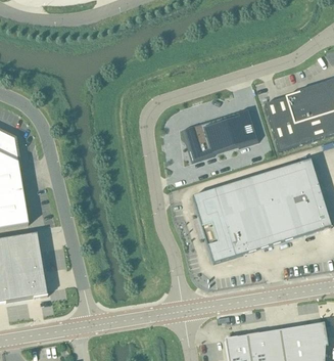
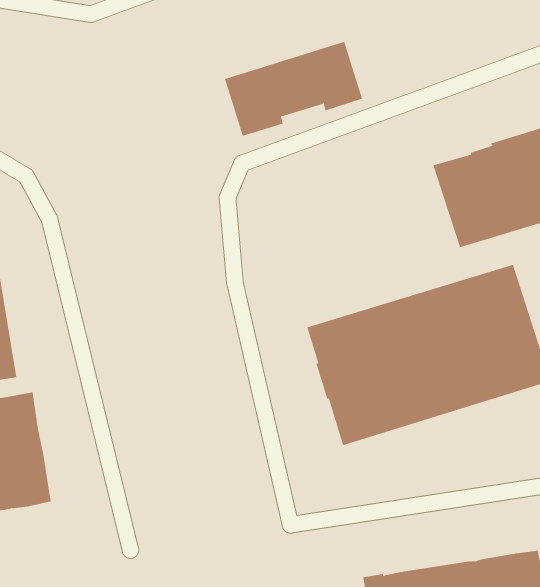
building: [182,106,260,161] -> [224,41,363,136]

